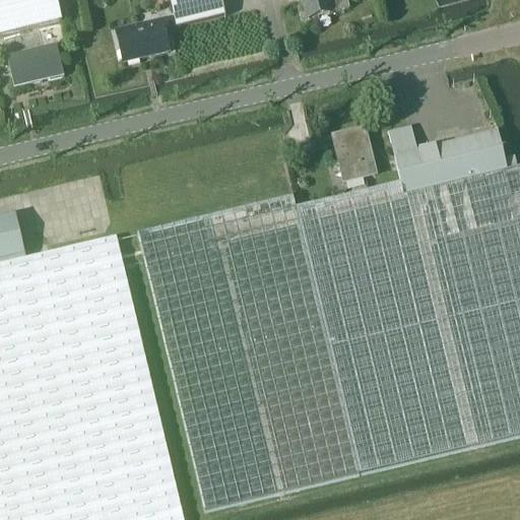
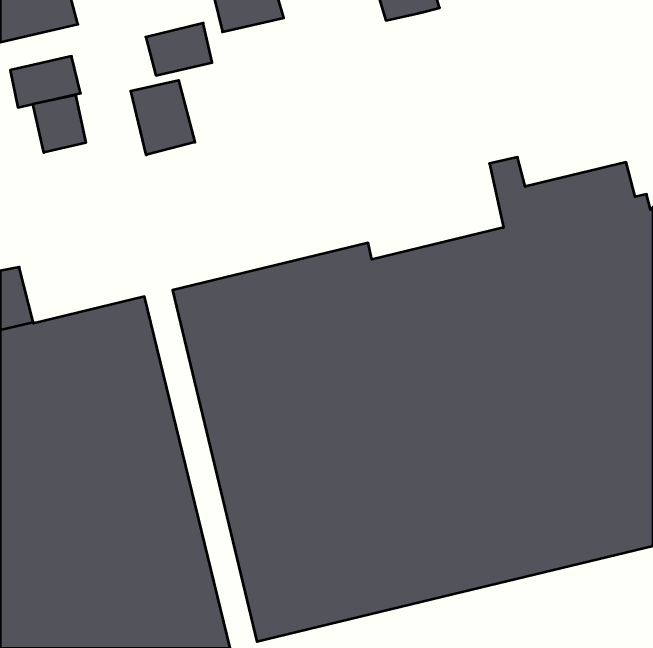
building: none -> [131,80,195,155]
building: none -> [33,95,86,153]
building: [336,127,375,179] -> none

